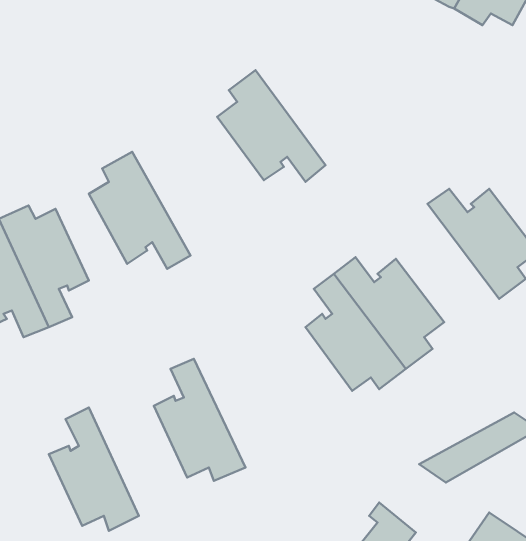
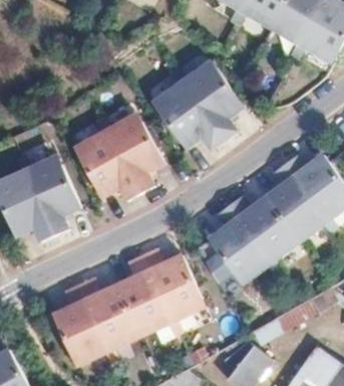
building: none -> [178,67,238,138]
building: none -> [103,120,160,192]
building: none -> [262,161,324,232]
building: none -> [140,247,199,320]
building: none -> [77,277,136,349]

